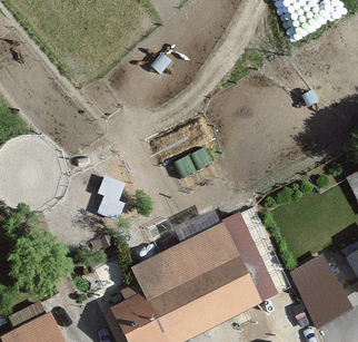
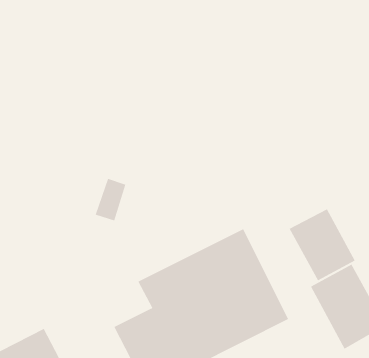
building: none -> [289,209,356,281]

